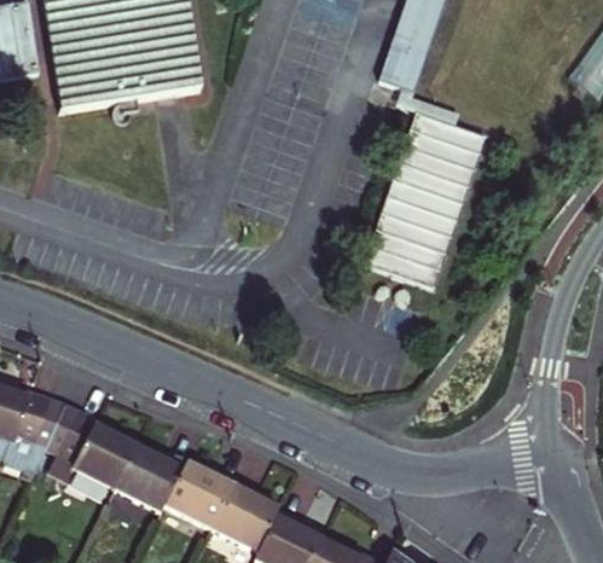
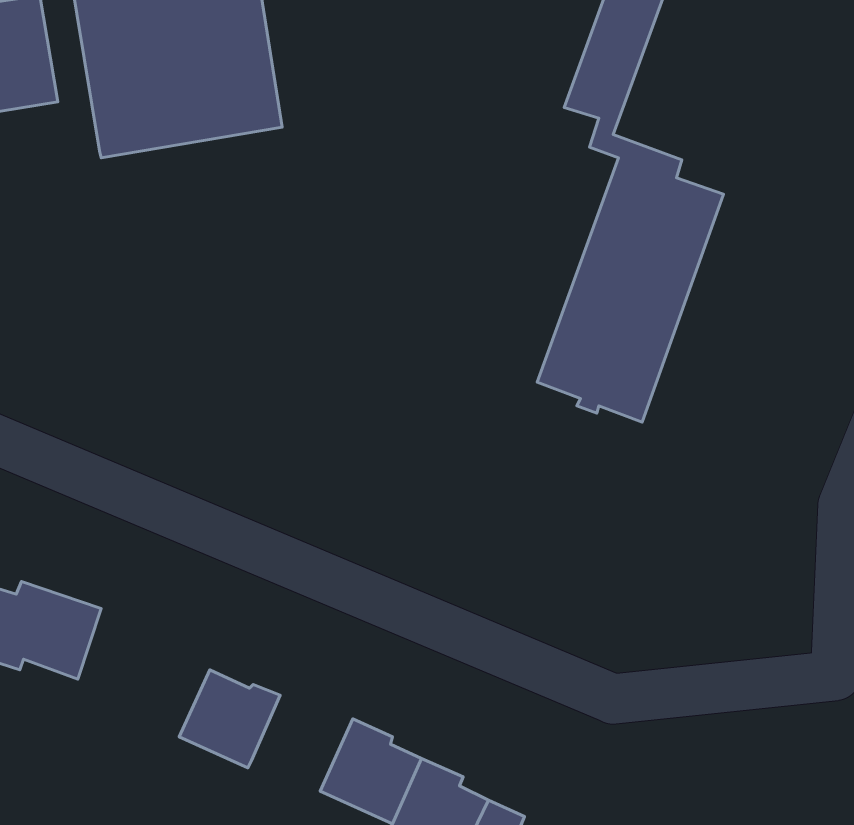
building: [54,412,144,498] -> none
building: [172,470,239,534] -> none

